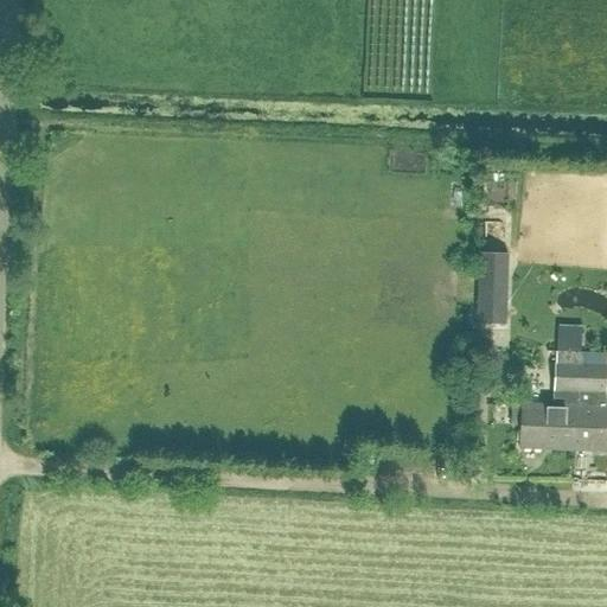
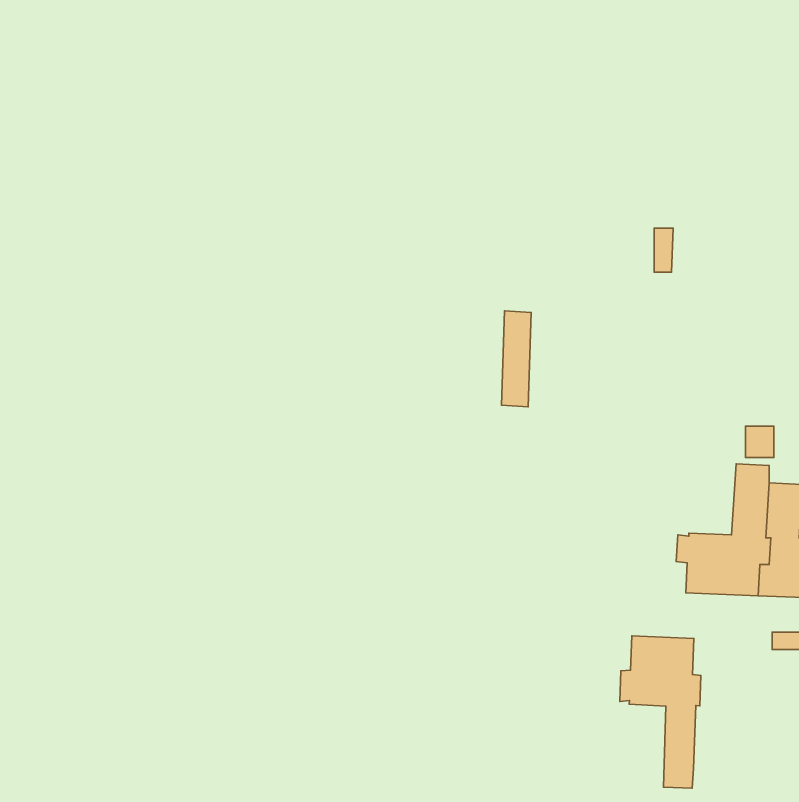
building: [479,251,501,324] -> [501,311,531,407]
building: none -> [620,636,701,788]

